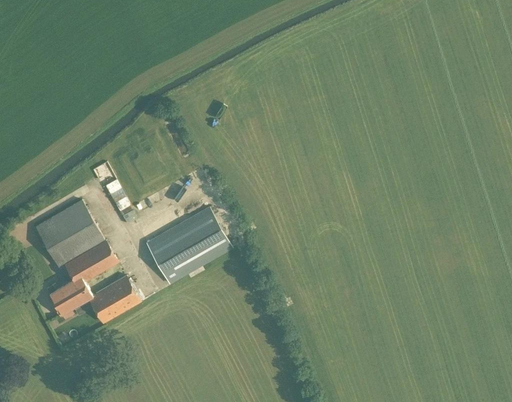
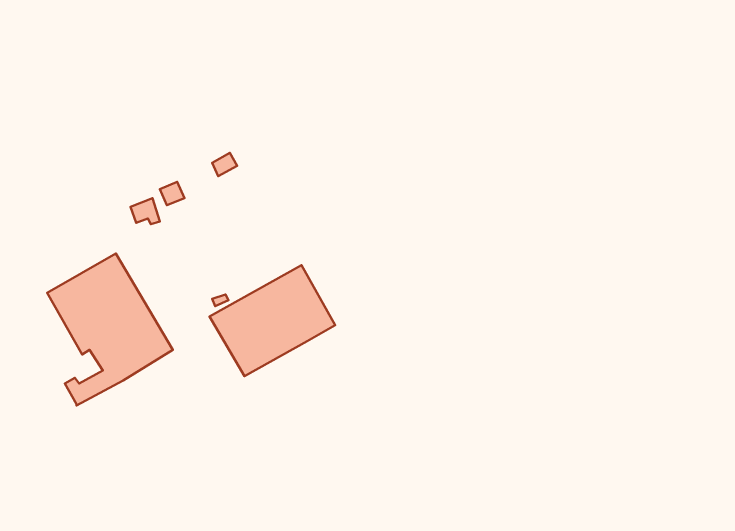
building: [51,276,141,323] -> none

